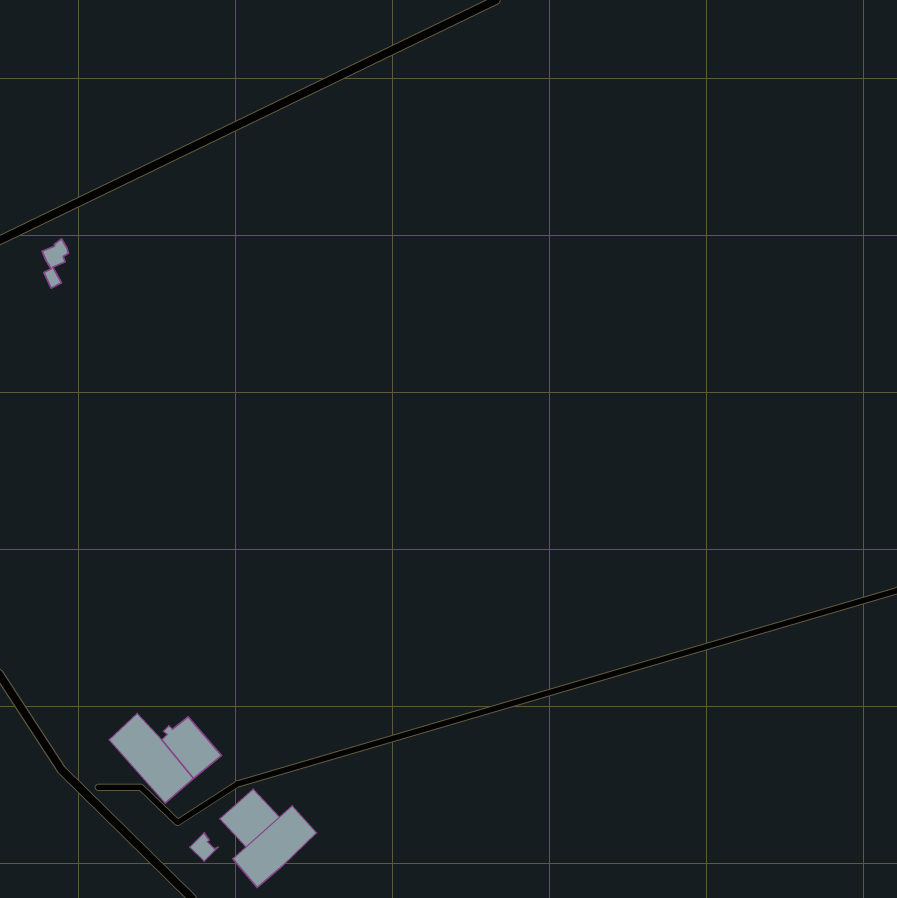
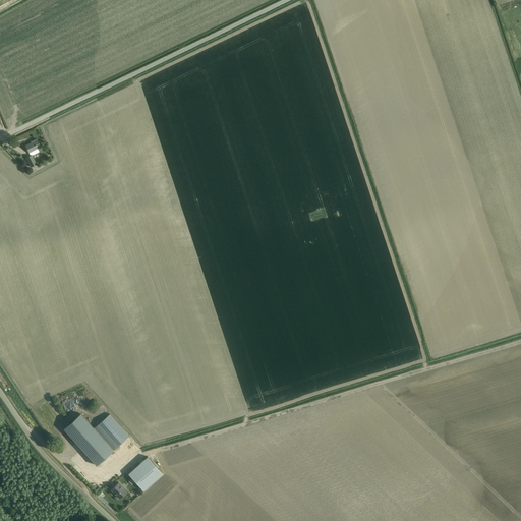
building: [233,806,316,887] -> none

